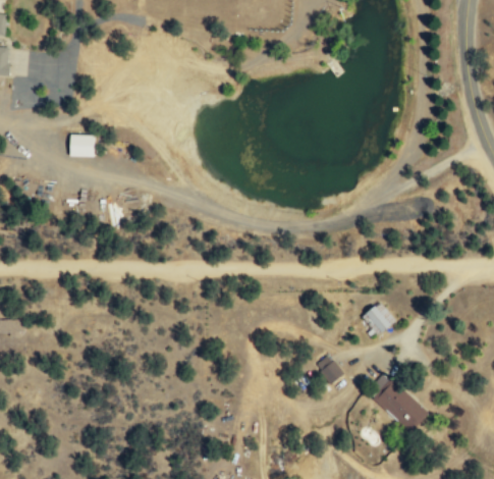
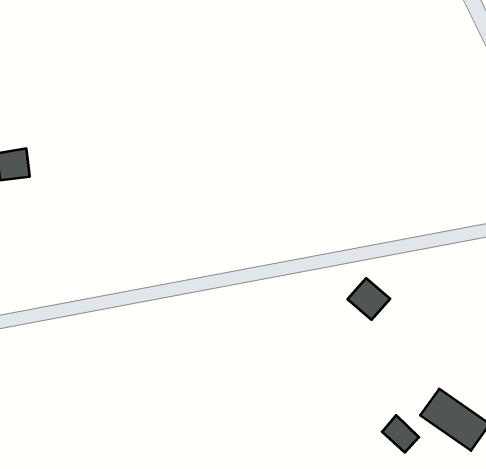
building: [363,302,396,335] -> [348,278,390,320]
building: [314,354,342,384] -> [382,415,419,452]

